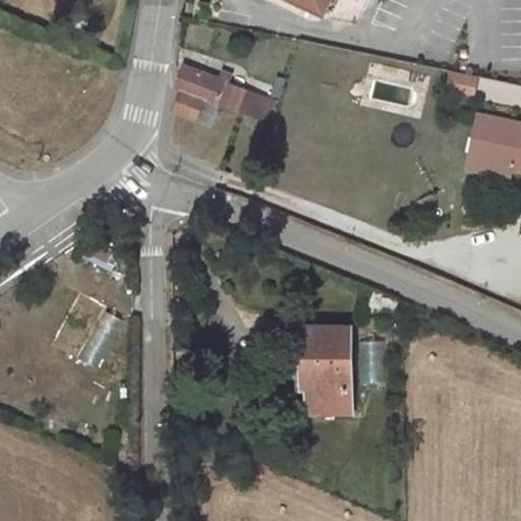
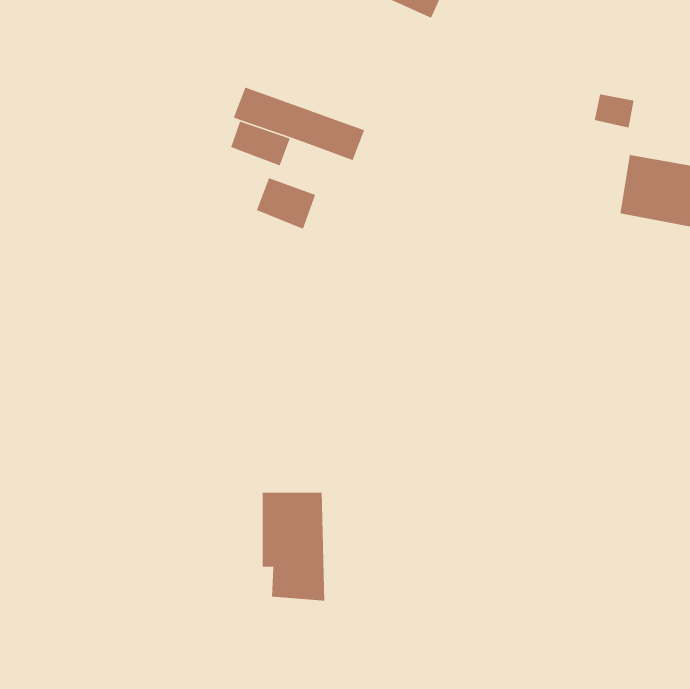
building: none -> [256,177,316,230]
building: [302,332,350,414] -> [262,492,325,601]

